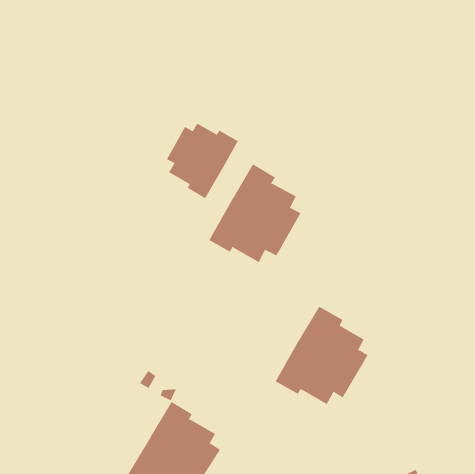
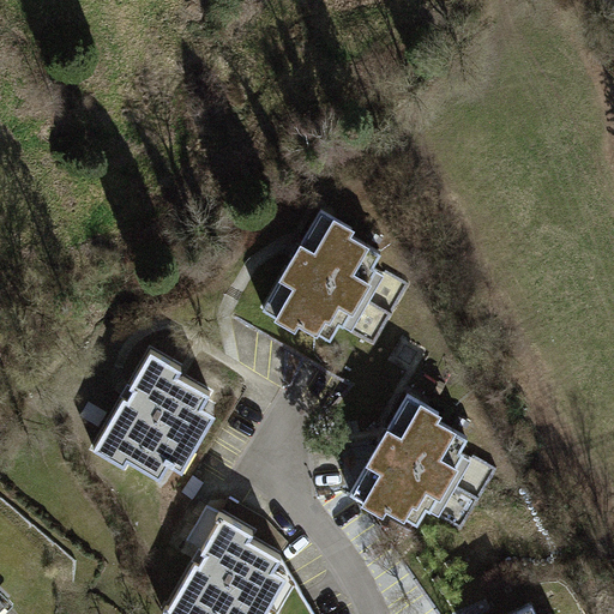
building: [166,123,238,199] -> none
building: none -> [92,355,212,482]

